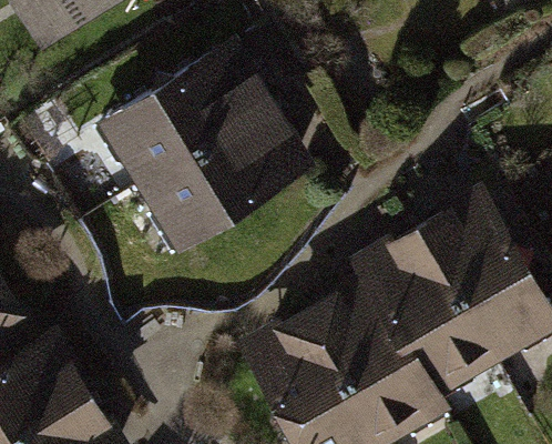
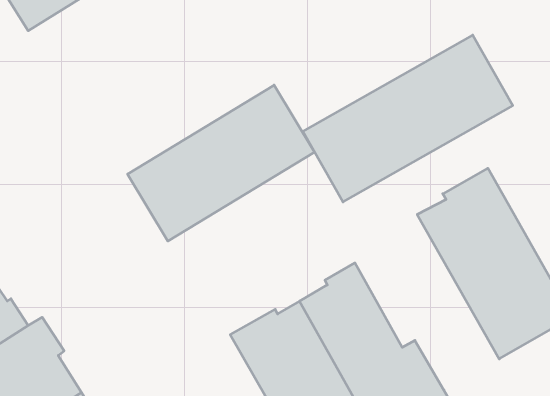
building: [95,37,276,188] -> none
building: none -> [303,35,513,202]
building: [346,226,492,395] -> none

